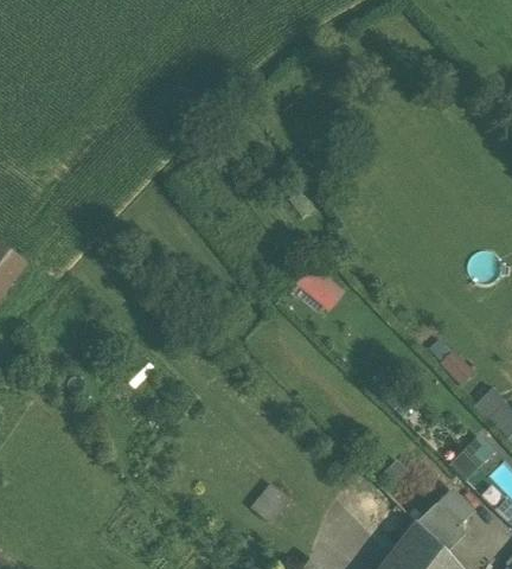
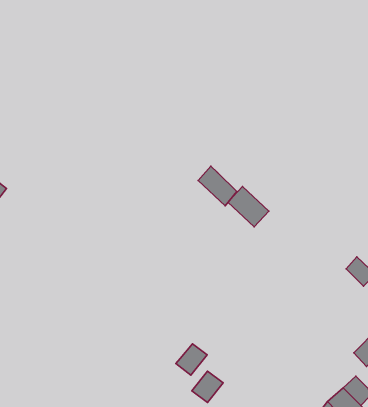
building: none -> [198,166,237,206]
building: none -> [176,344,207,375]

